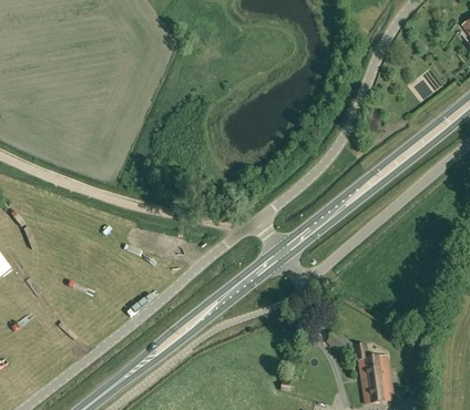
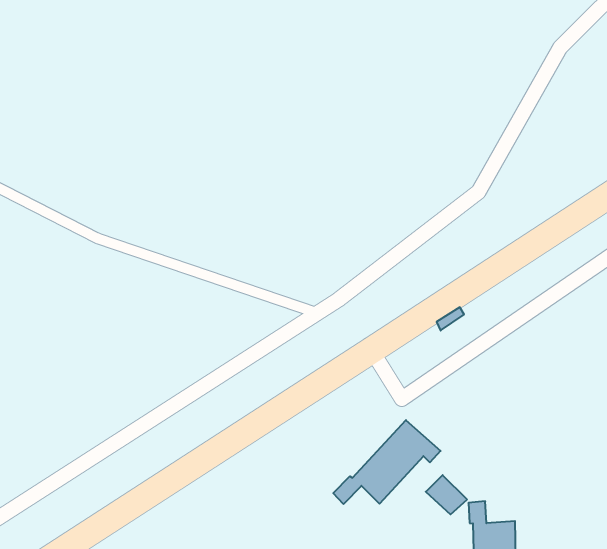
building: none -> [333,420,441,504]

